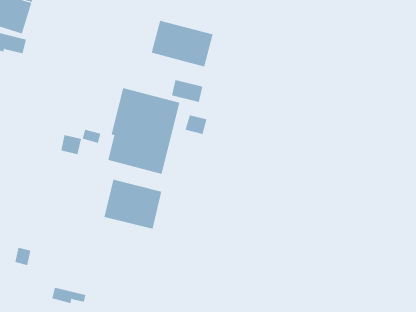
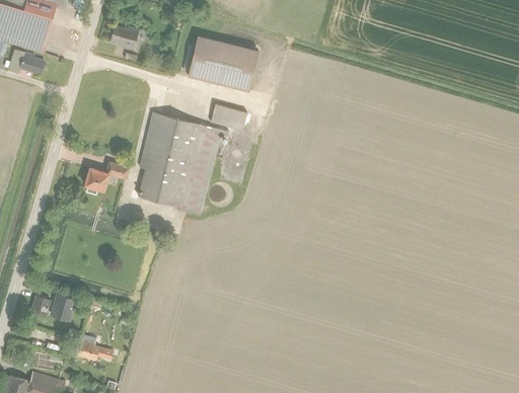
building: none -> [109,25,138,48]
building: [185,114,207,135] -> none
building: [104,179,162,230] -> none
building: none -> [50,292,76,320]

